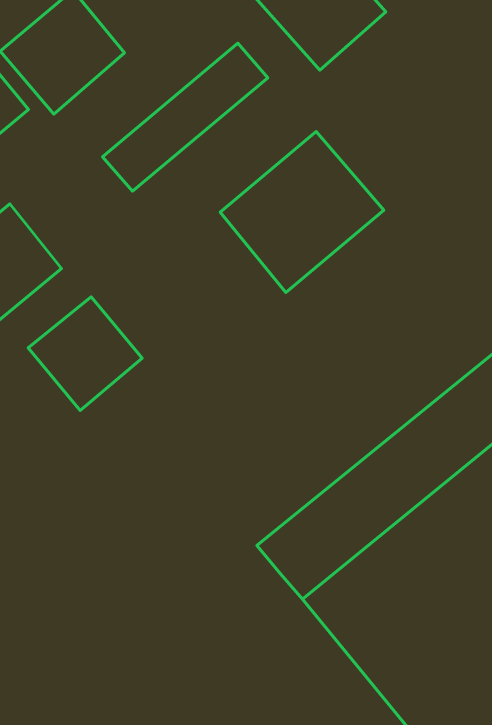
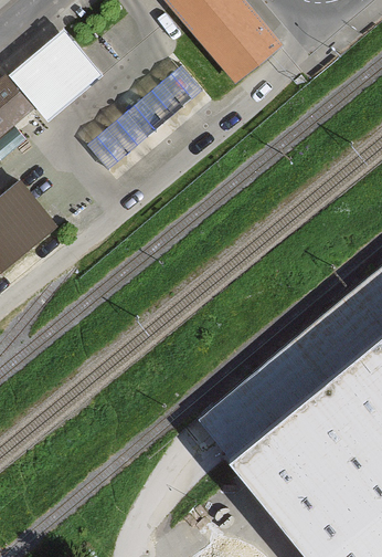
building: [220,132,384,292] -> none
building: [28,297,142,411] -> none

